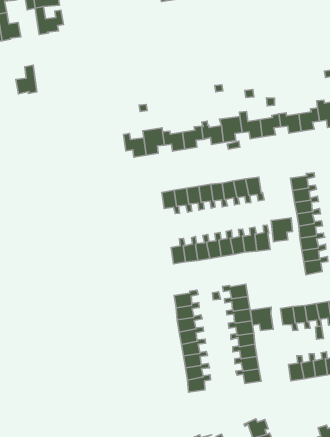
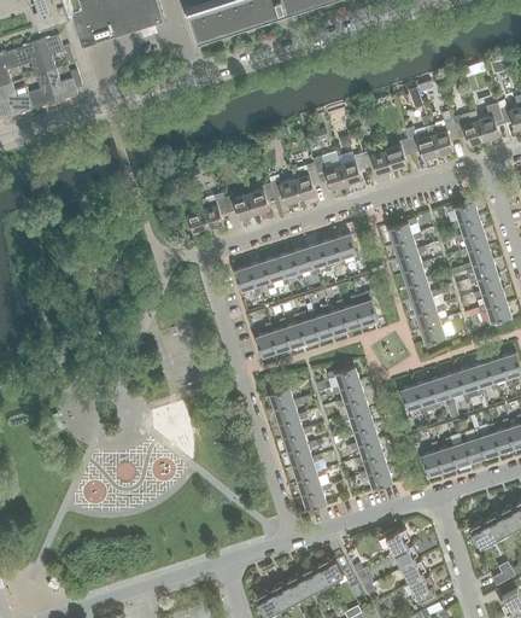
building: [16,65,37,94] -> [28,72,55,110]
building: [271,218,293,242] -> none
building: [251,307,273,330] -> none

